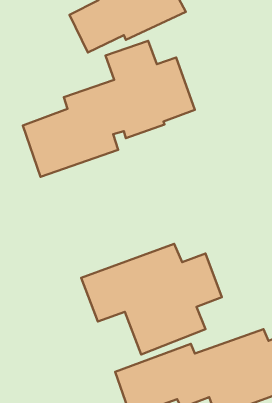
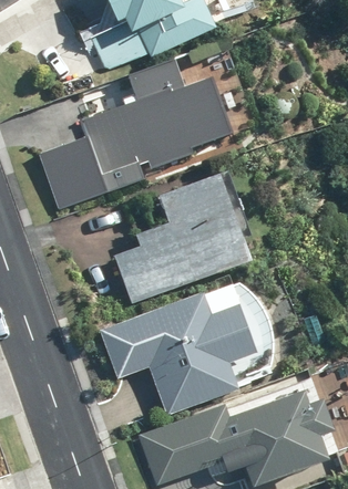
building: none -> [115,168,258,303]

